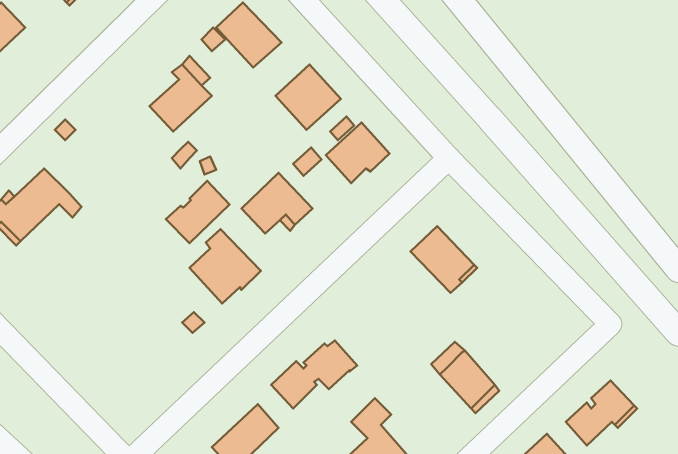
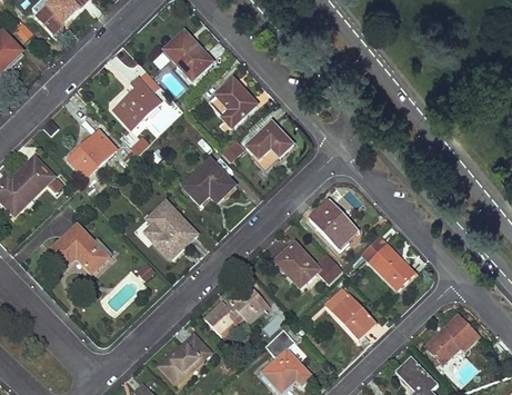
building: [166,181,229,243] -> [68,130,116,177]
building: none -> [50,225,108,273]
building: none -> [362,236,414,289]
building: none -> [275,243,343,287]

